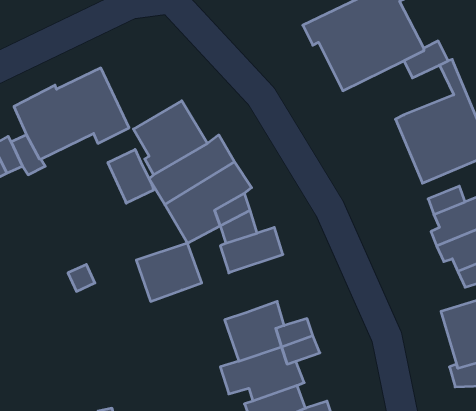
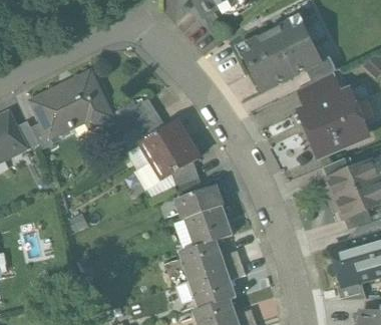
building: none -> [299,72,341,107]
building: [108,149,153,203] -> none
building: [136,243,202,301] -> [184,206,231,247]

